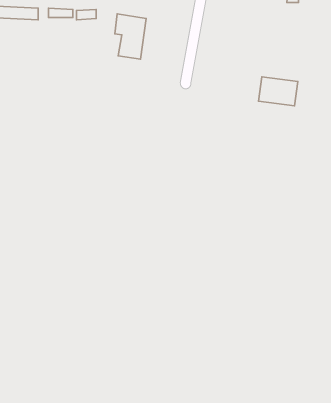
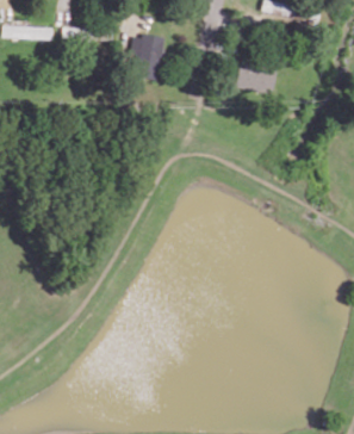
building: [258,77,298,106] -> [236,63,277,93]

